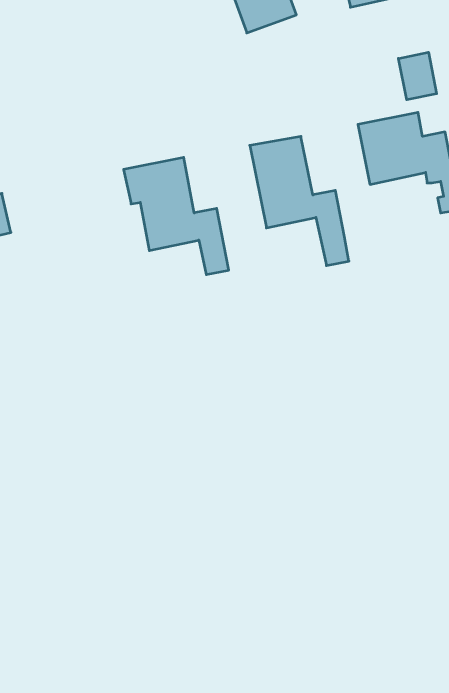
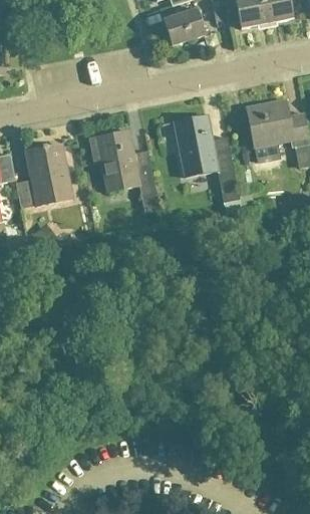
building: [398,52,437,100] -> none
building: none -> [15,143,70,207]

